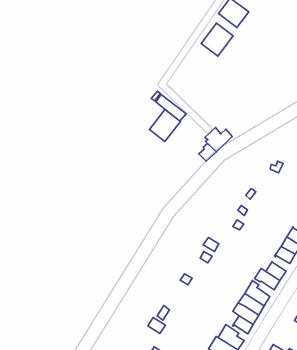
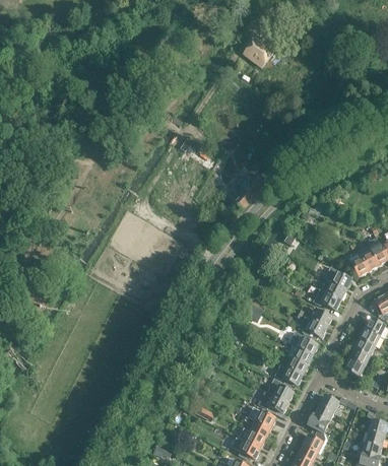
building: [201,23,233,56] -> none
building: [150,110,180,141] -> none

